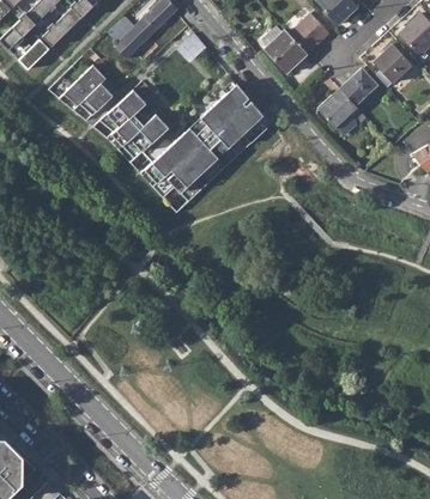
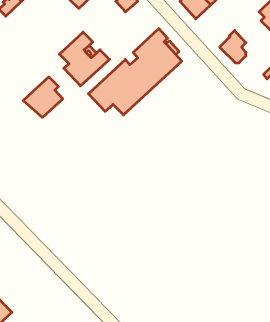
building: [59,66,113,121] -> [23,77,63,117]
building: [339,67,376,104] -> none

